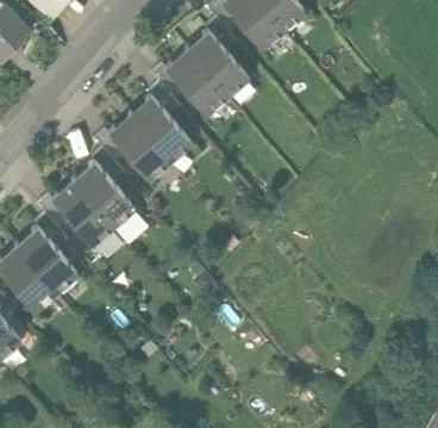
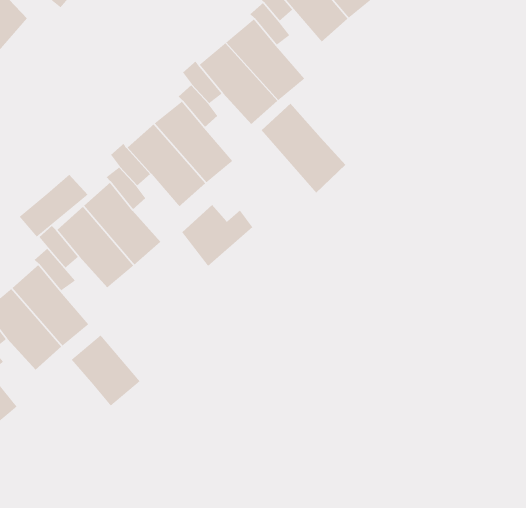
building: none -> [261,103,346,194]
building: none -> [19,174,89,238]
building: none -> [181,204,253,267]
building: none -> [71,335,140,406]

